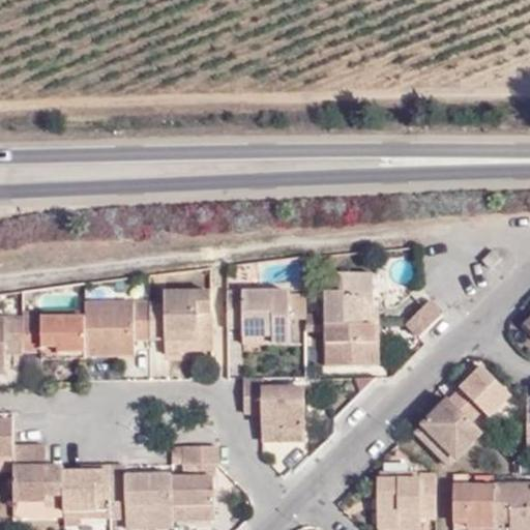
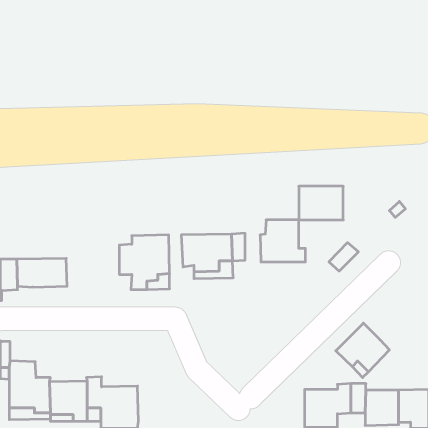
building: [83,302,148,358] -> none
building: [323,323,378,364] -> [299,186,343,220]
building: [449,366,510,419] -> none
building: [242,376,303,441] -> none
building: [171,445,216,520] -> none

